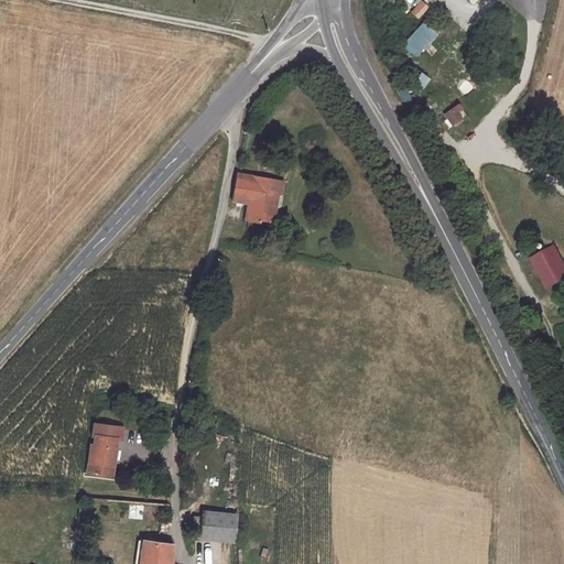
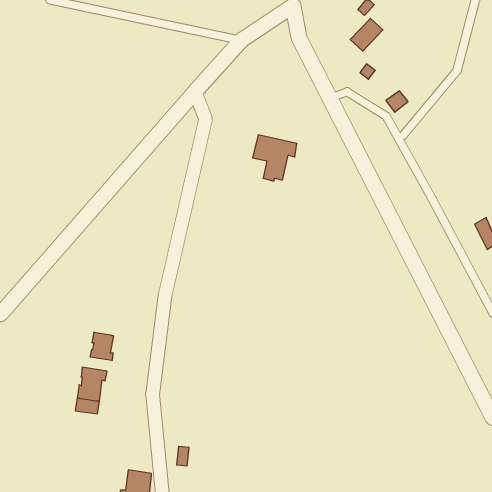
building: [229,173,280,226] -> [253,135,297,181]
building: none -> [90,332,113,361]
building: [215,512,238,534] -> none

